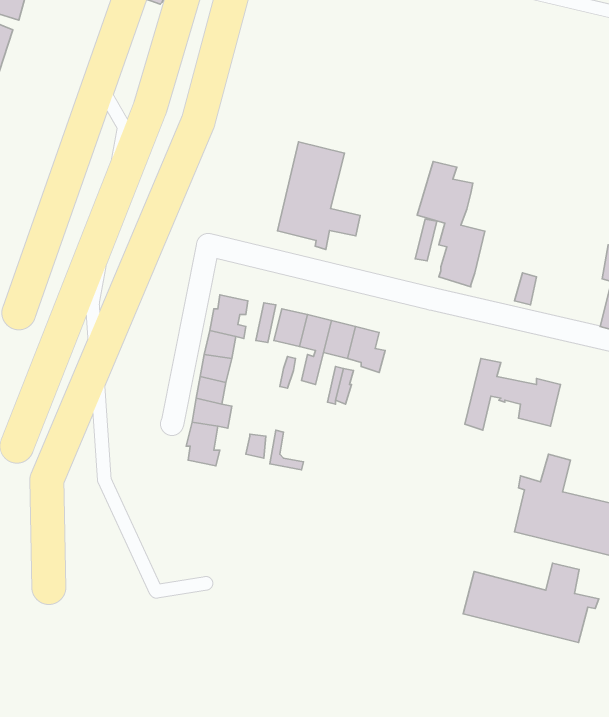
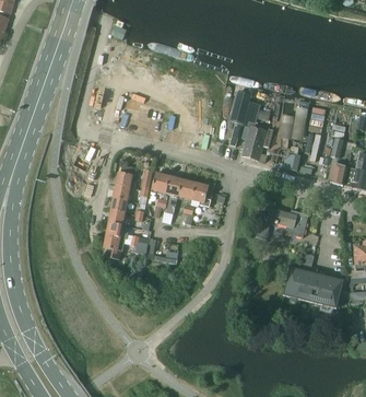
building: [277,142,360,250] -> none
building: [463,563,599,642] -> none

